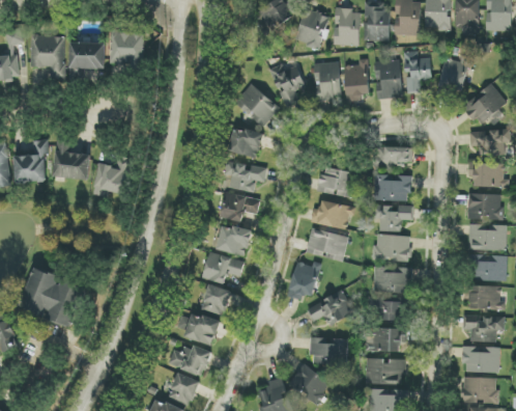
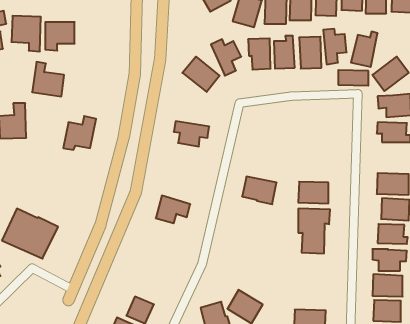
building: [110,32,143,63] -> none
building: [227,127,262,159] -> none
building: [52,139,90,181] -> [32,62,64,96]
building: [374,146,410,165] -> [338,70,368,86]
building: [318,168,356,196] -> none
building: [375,174,410,201] -> none
building: [221,192,260,222] -> none
building: [467,193,501,220] -> none
building: [310,199,355,230] -> none
building: [378,206,411,231] -> none
building: [216,224,252,257] -> none
building: [288,262,320,299] -> none
building: [201,283,230,316] -> none
building: [307,290,353,325] -> none
building: [177,312,220,346] -> none
building: [368,328,402,351] -> none
building: [310,337,346,365] -> none
building: [168,344,210,377] -> none
building: [365,358,404,384] -> none

